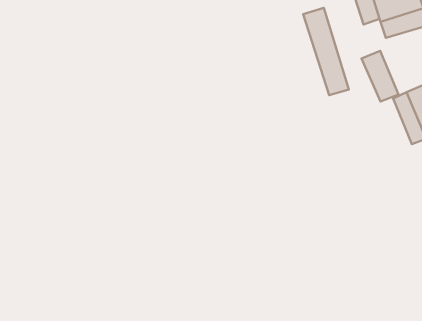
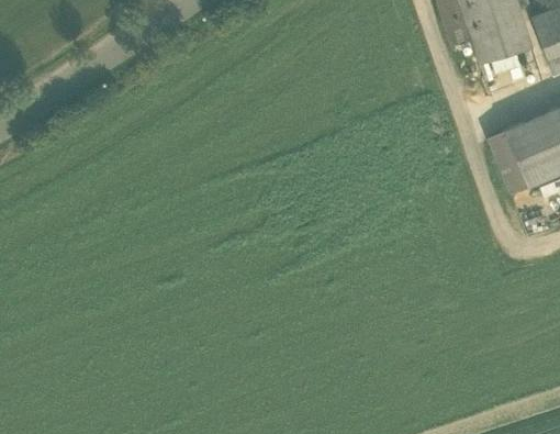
building: [303,8,349,95] -> none
building: [361,51,399,102] -> none

